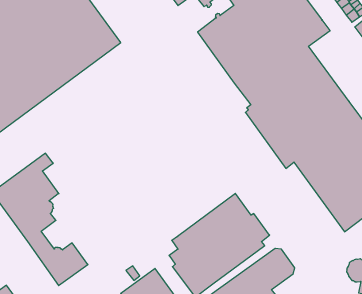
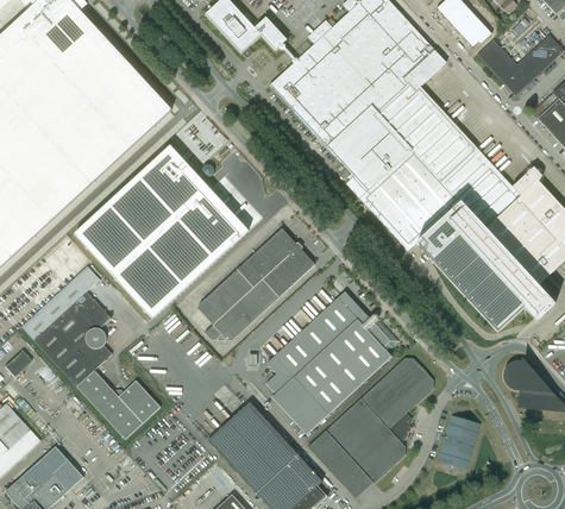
building: none -> [75,145,249,318]
building: none -> [199,228,314,339]

